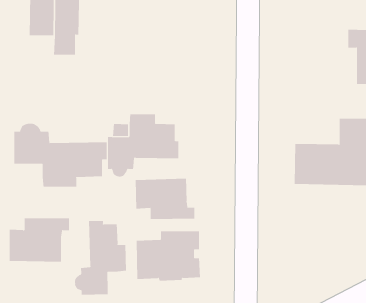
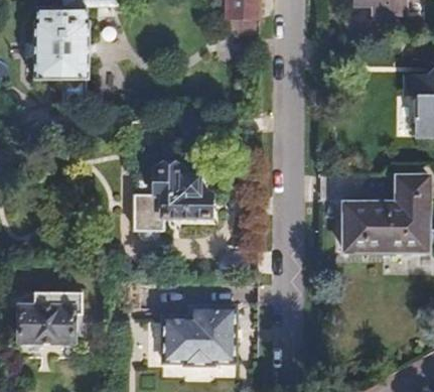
building: [14,123,107,187] -> none
building: [135,178,195,220] -> none
building: [74,220,126,295] -> none

